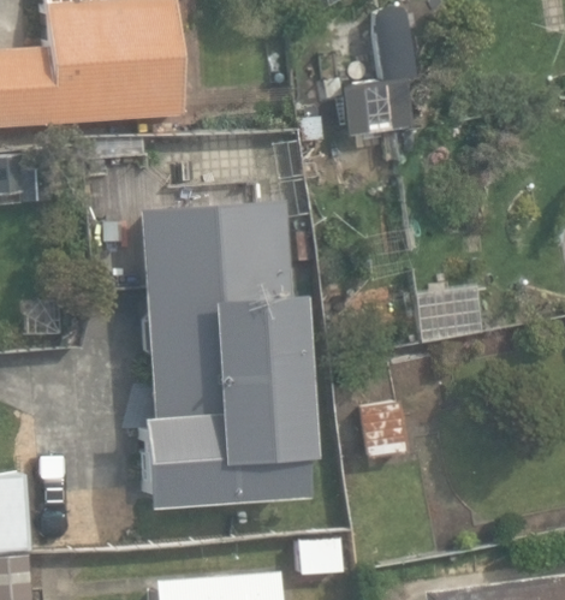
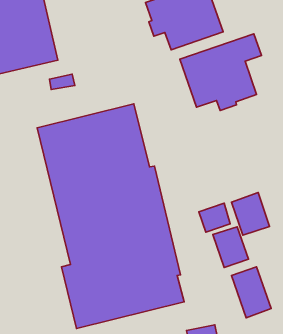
building: none -> [180,34,261,110]

